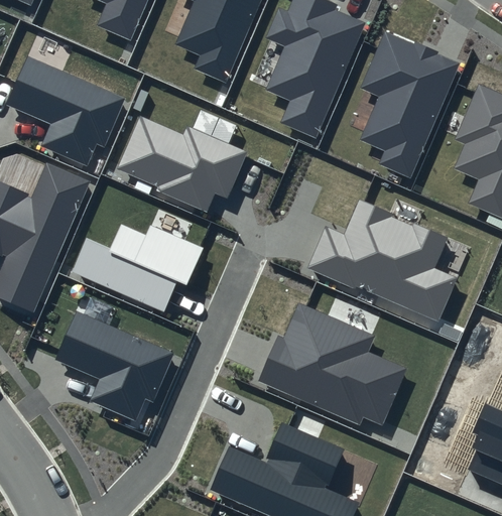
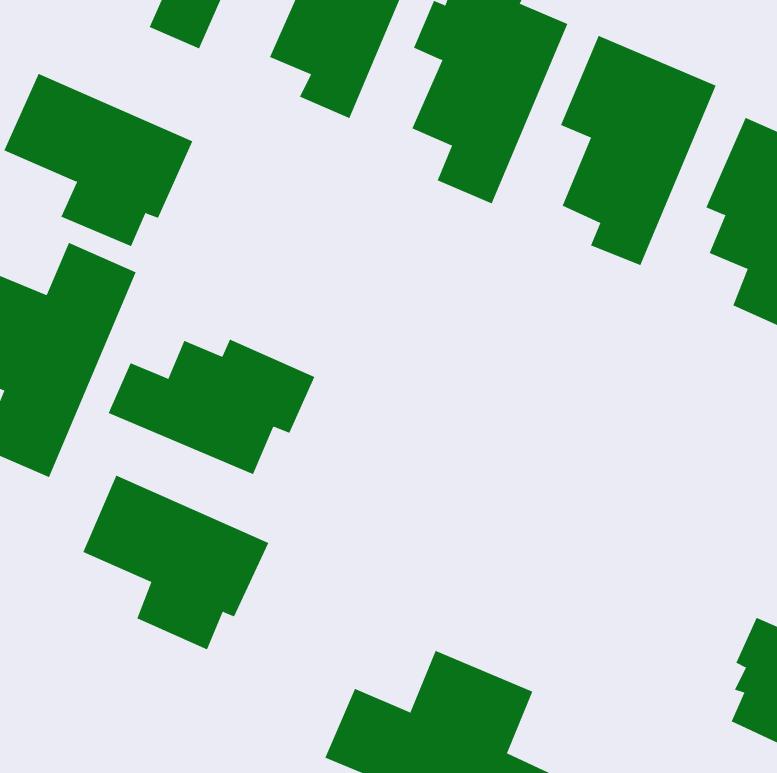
building: [116,116,246,211] -> none
building: [308,199,456,322] -> none
building: [258,301,406,423] -> none

